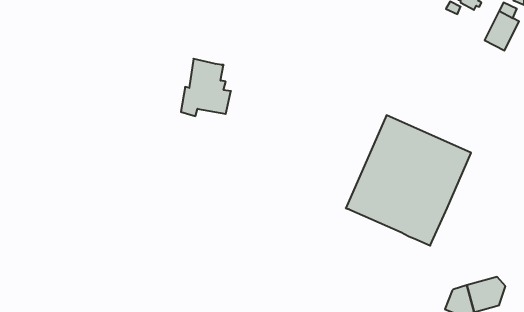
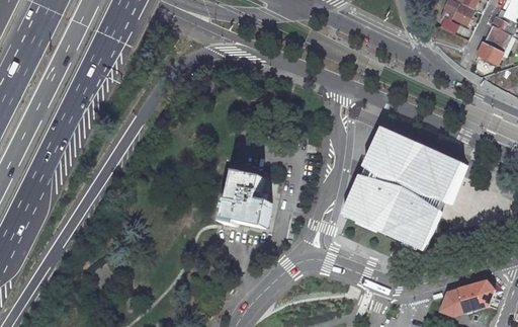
building: [181,59,231,116] -> [220,169,268,225]

